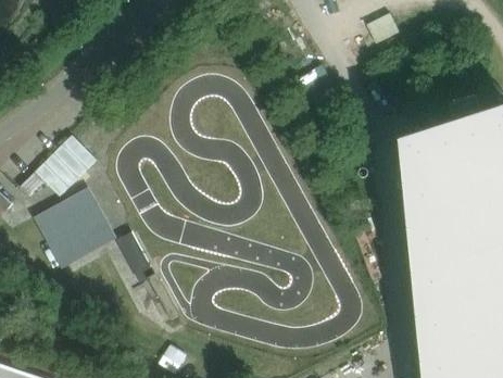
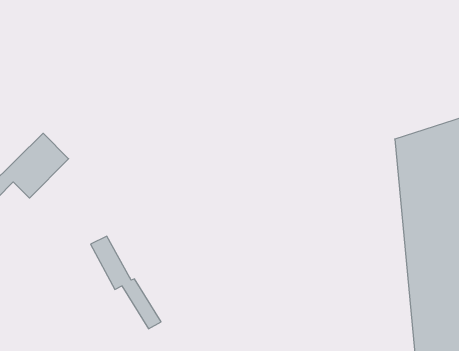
building: [40,193,115,273] -> none

